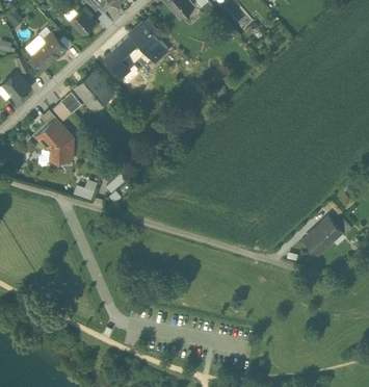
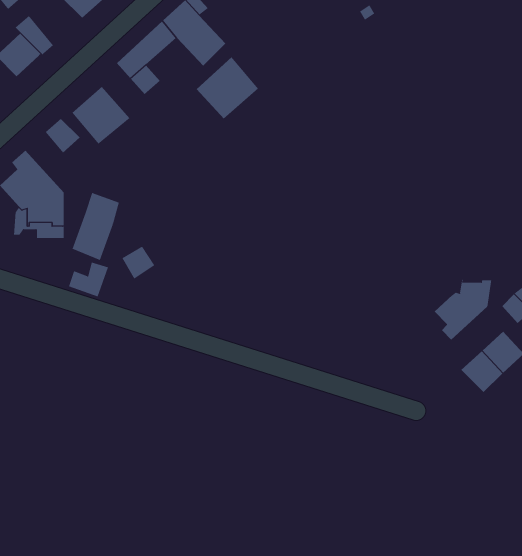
building: none -> [196,57,259,120]
building: none -> [72,192,120,261]
building: none -> [434,279,492,340]

